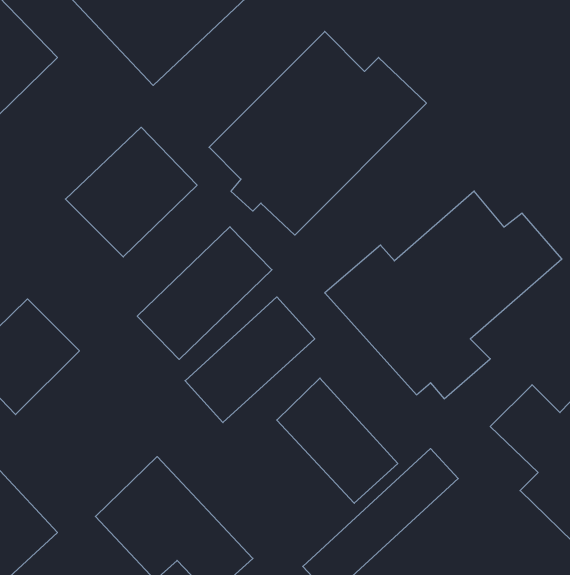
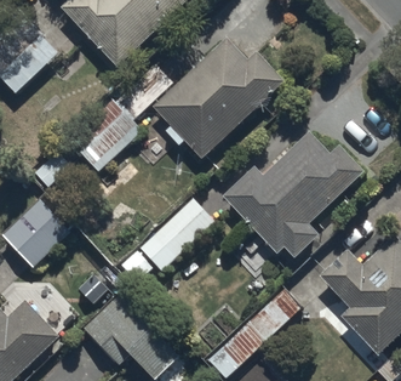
building: [137,227,272,359] -> none
building: [277,378,398,503] -> none

